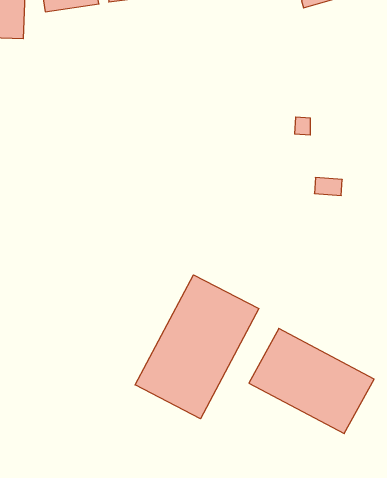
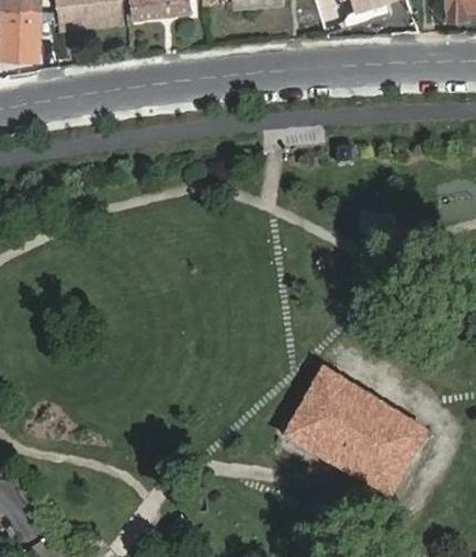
building: [135,275,259,419] -> none

